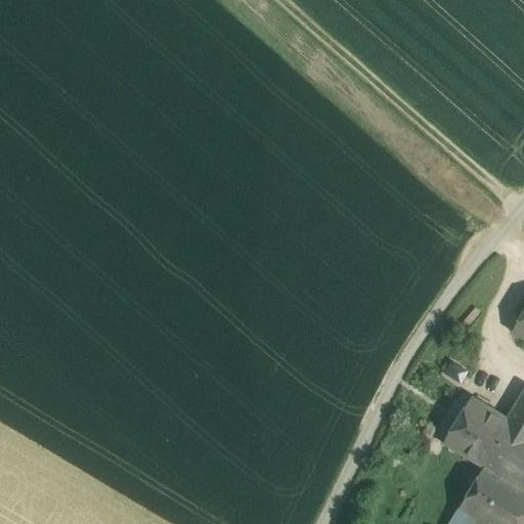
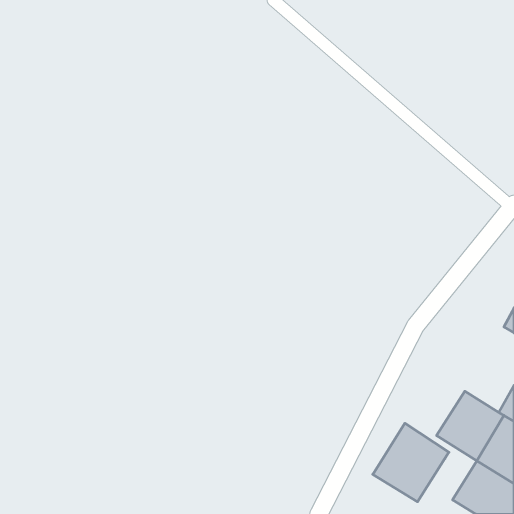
building: none -> [373,423,449,502]

